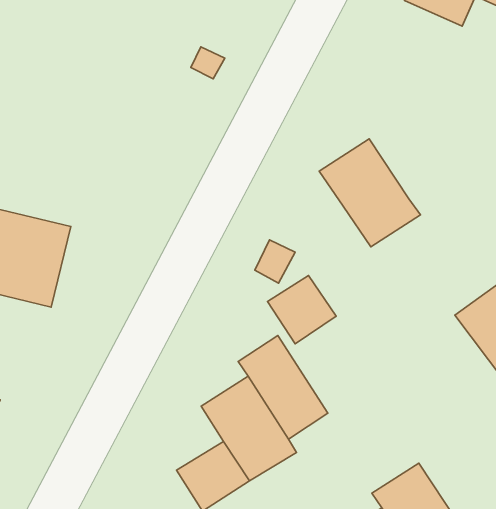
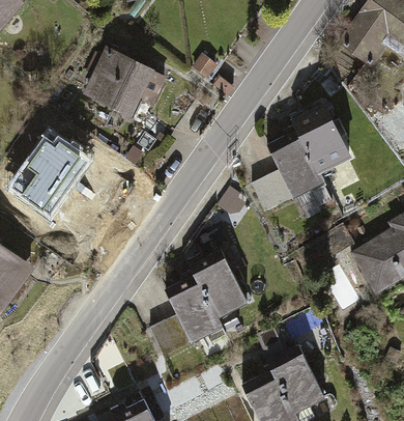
building: none -> [82,46,166,120]
building: none -> [295,104,352,171]
building: [267,275,336,344] -> [249,170,292,214]

